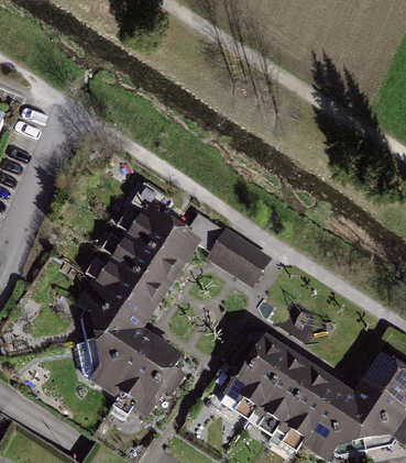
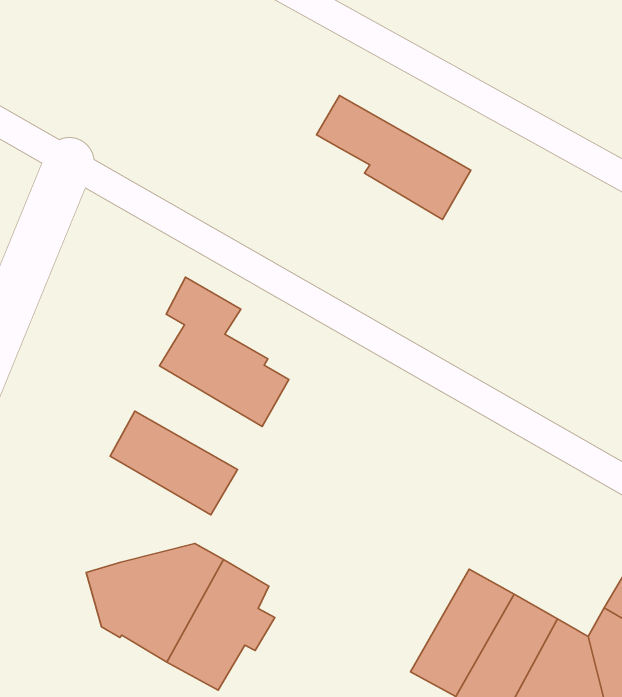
building: [184,211,268,284] -> [316,96,471,219]
building: [110,229,180,289] -> none
building: [78,277,149,337] -> none
building: [227,338,290,408] -> none

